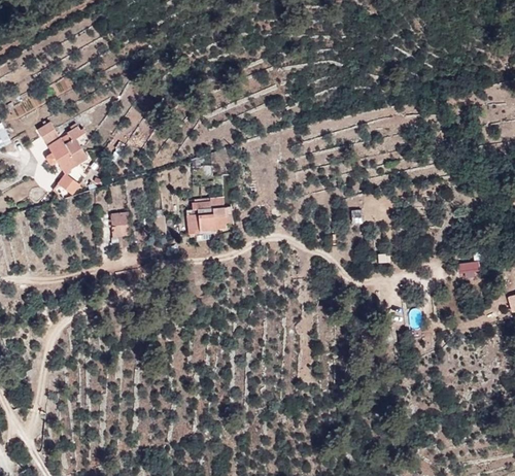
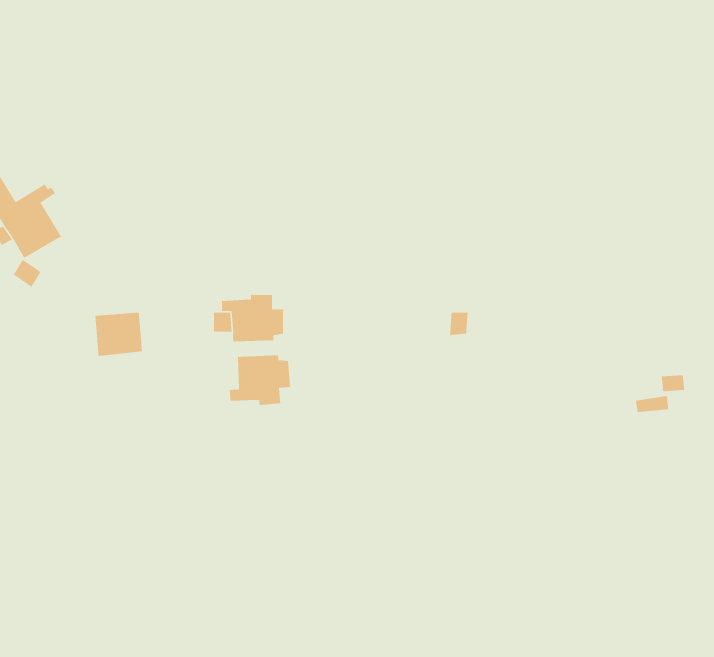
building: none -> [229,354,291,406]

